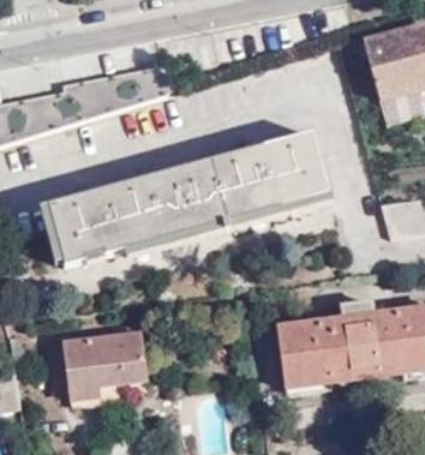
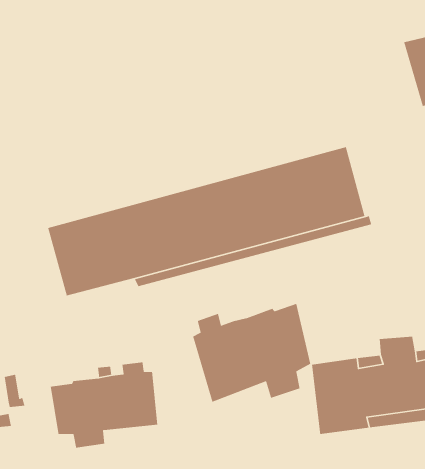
building: none -> [192,303,311,403]

